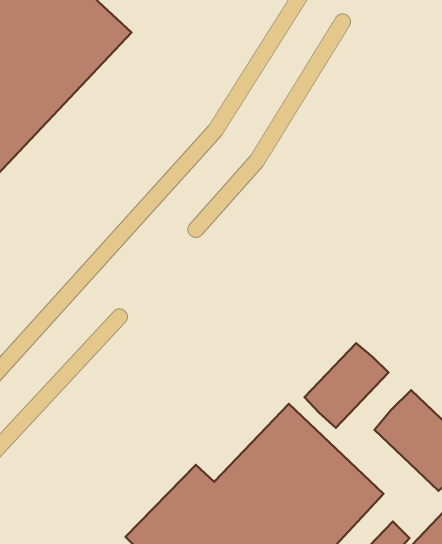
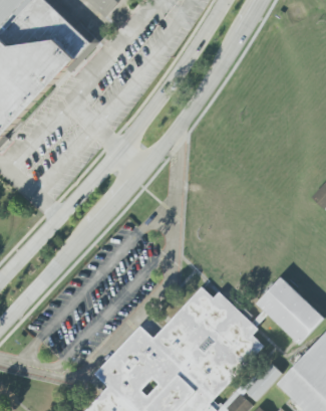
building: [305,343,388,428] -> none

